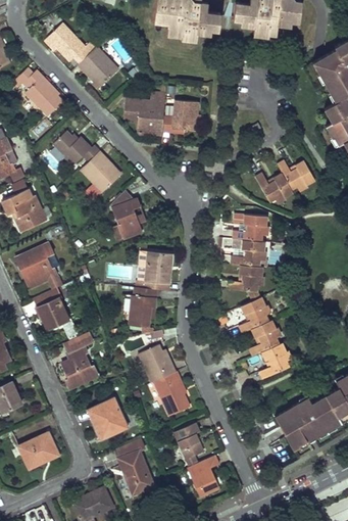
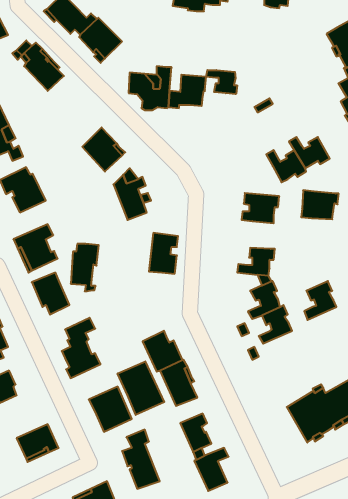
building: none -> [206,70,237,94]
building: [53,131,100,165] -> none
building: [230,239,265,267] -> [301,190,339,219]
building: [130,288,156,333] -> [71,244,99,291]
building: [259,343,290,380] -> [304,281,336,320]
building: none -> [118,361,164,415]

